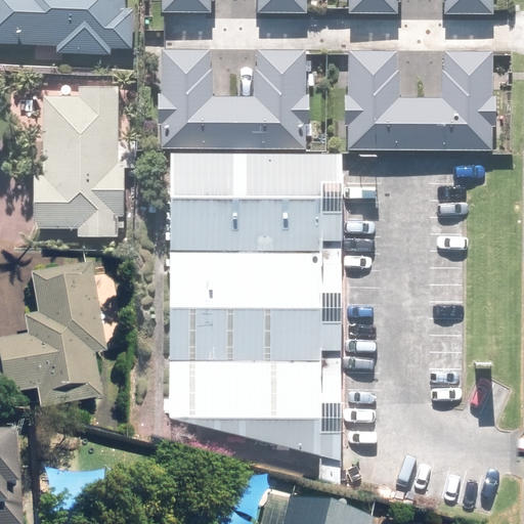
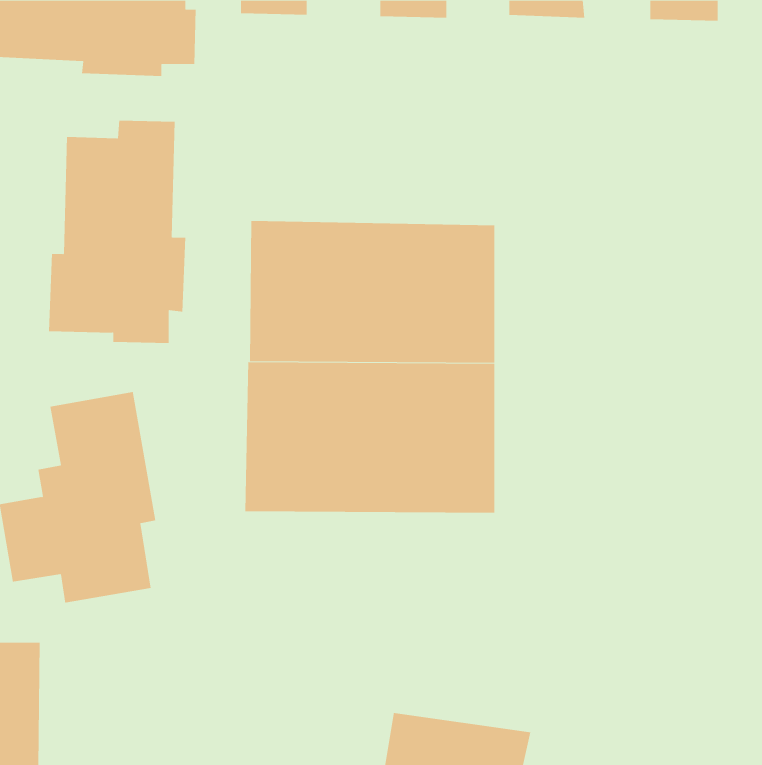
building: [161,46,310,148] -> none
building: [344,46,497,149] -> none
building: [167,350,338,456] -> none

